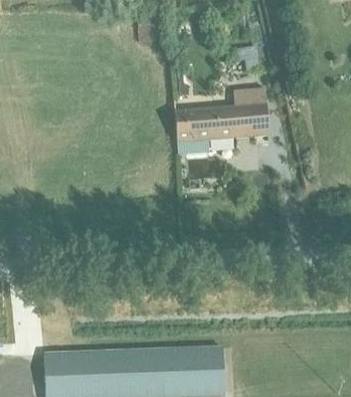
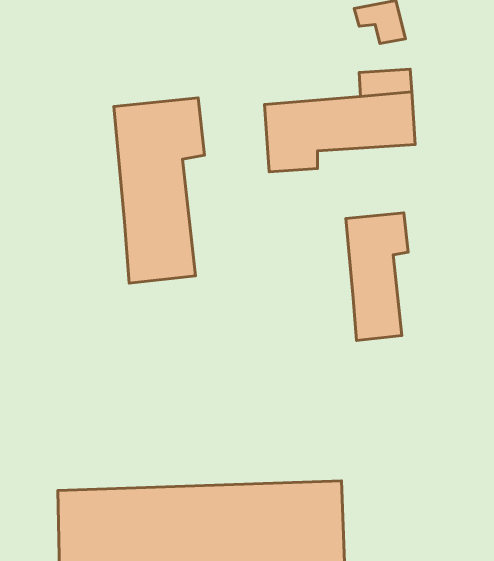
building: none -> [114,98,204,283]
building: none -> [346,213,408,341]

